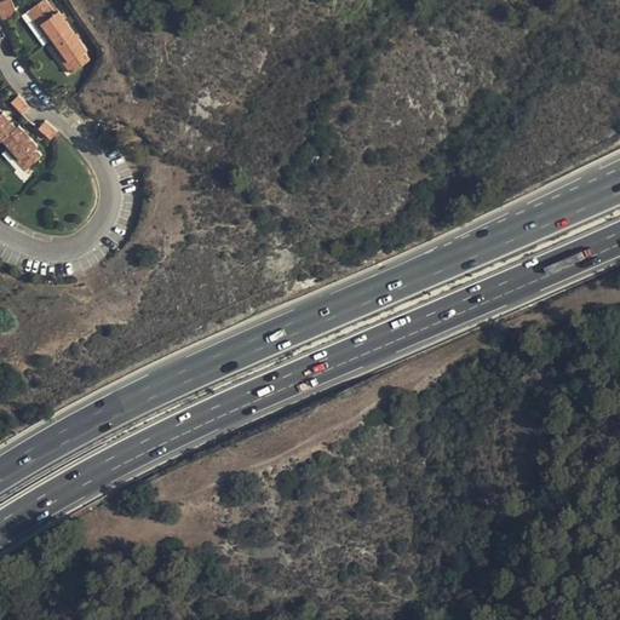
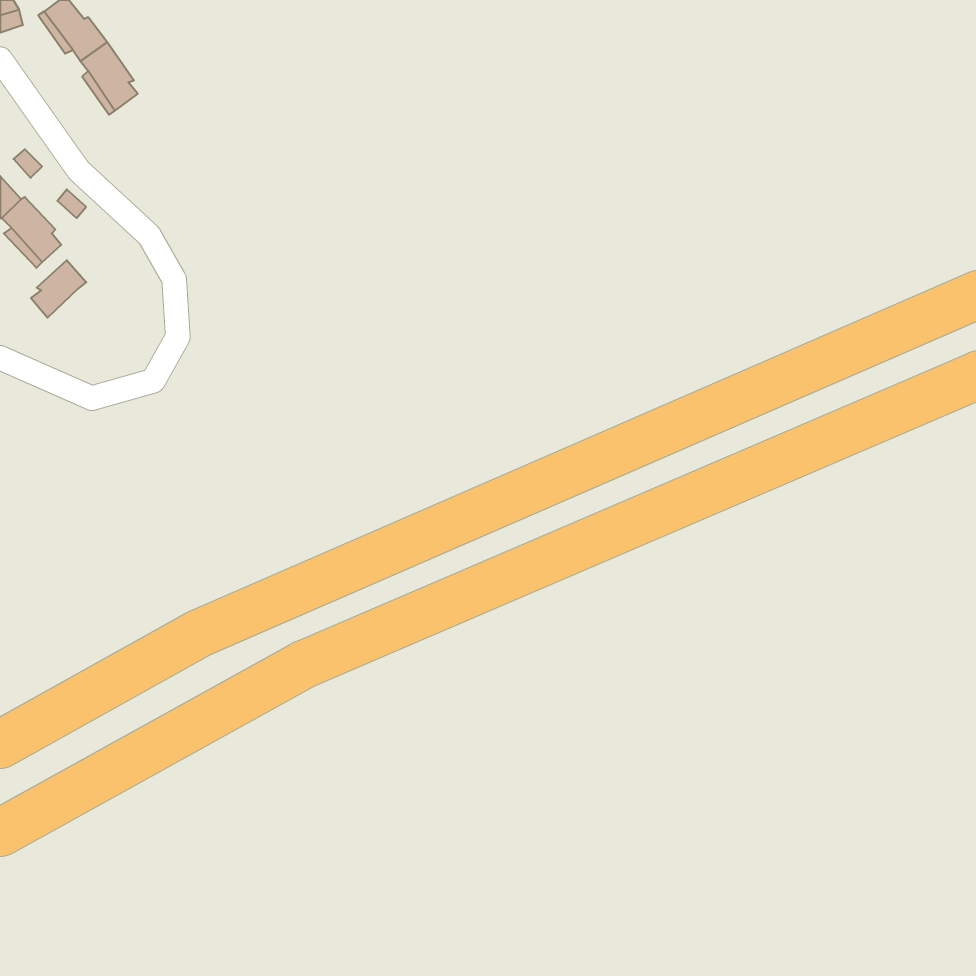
building: none -> [31,260,86,318]

